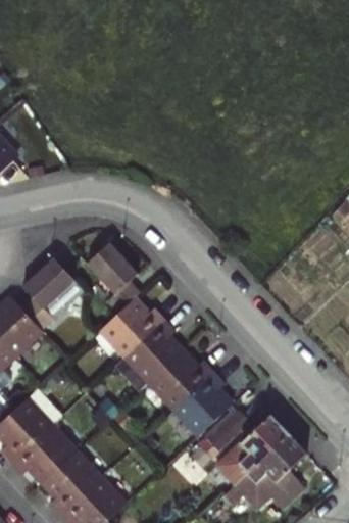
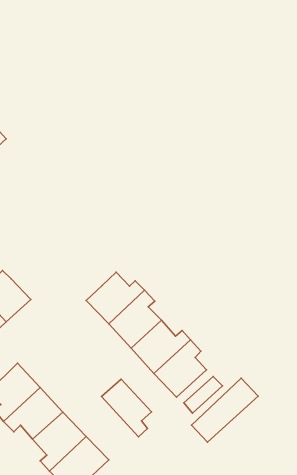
building: [88,245,141,315] -> none
building: [19,258,72,330] -> none
building: none -> [101,379,151,437]
building: [221,435,305,511] -> none

